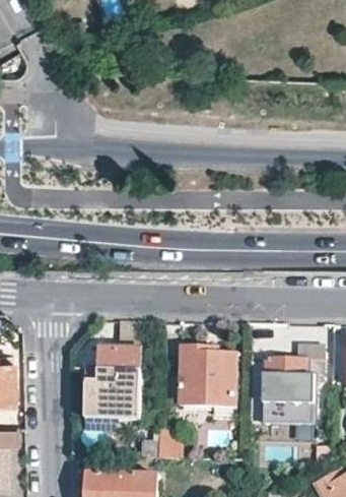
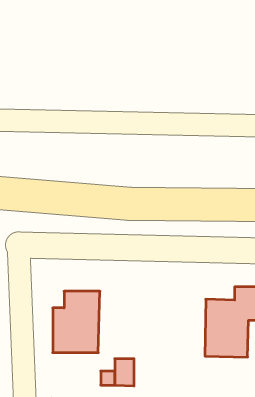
building: [179,345,237,405] -> none

